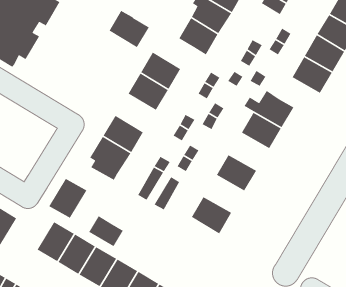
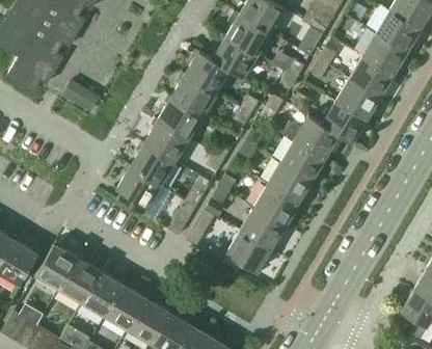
building: [109,10,150,48] -> [185,51,230,92]
building: none -> [63,79,101,111]
building: none -> [322,102,367,143]
building: none -> [144,119,189,161]
building: none -> [267,162,312,203]
building: none -> [240,208,285,248]
building: [48,178,87,219] -> [35,244,78,289]
building: [88,215,124,247] -> none

